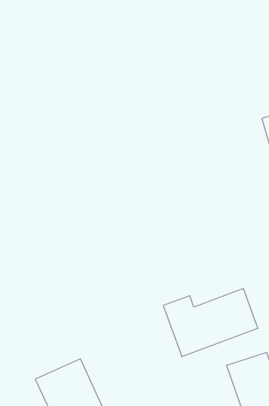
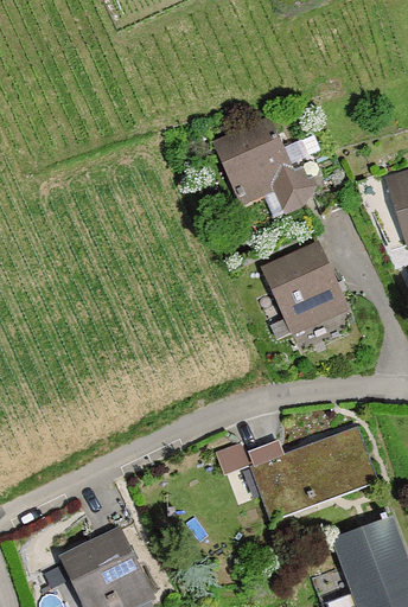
building: none -> [211,117,307,216]
building: none -> [260,237,352,336]

